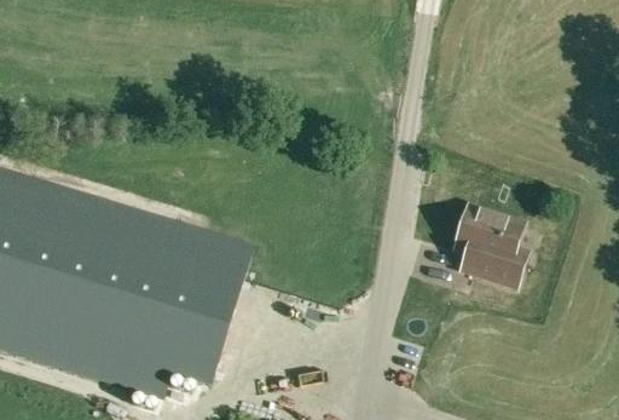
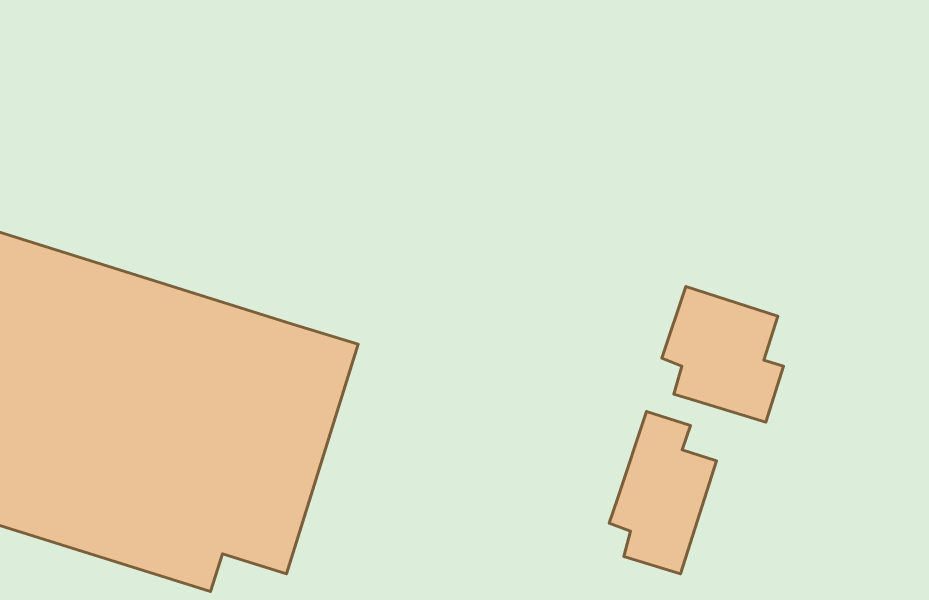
building: none -> [609,411,717,574]

